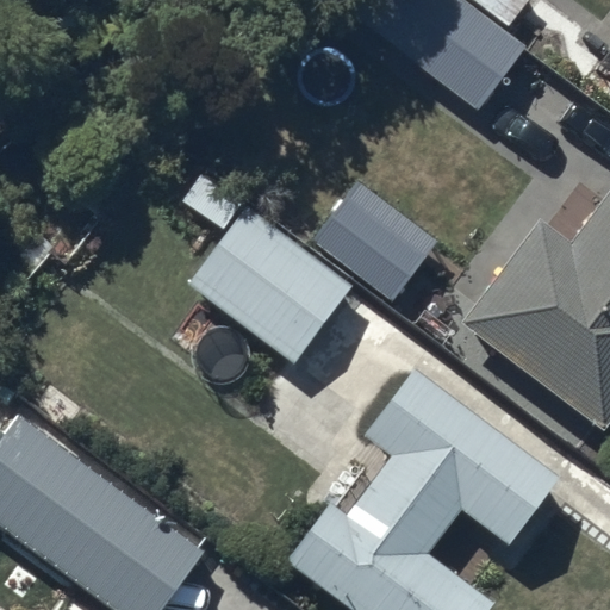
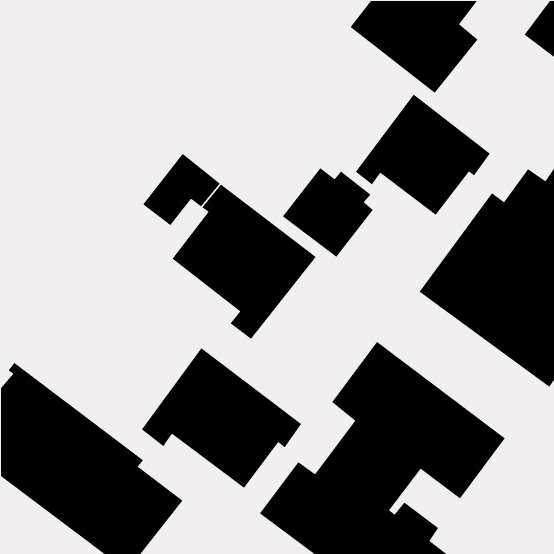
building: none -> [355,93,491,216]
building: none -> [141,347,302,489]

